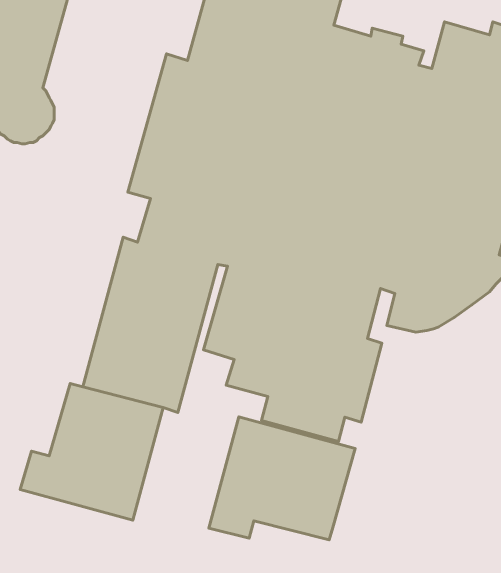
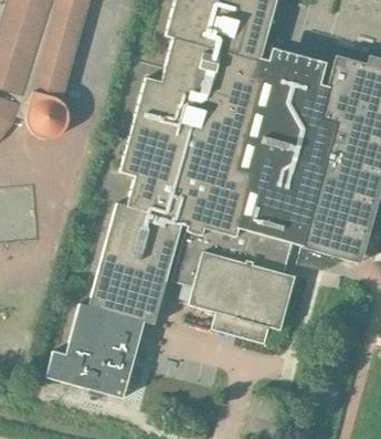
building: [209,417,355,540] -> none

